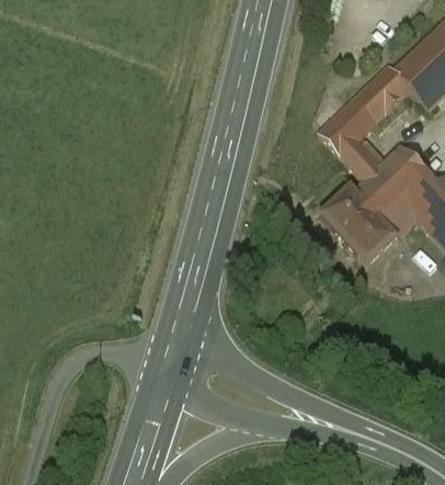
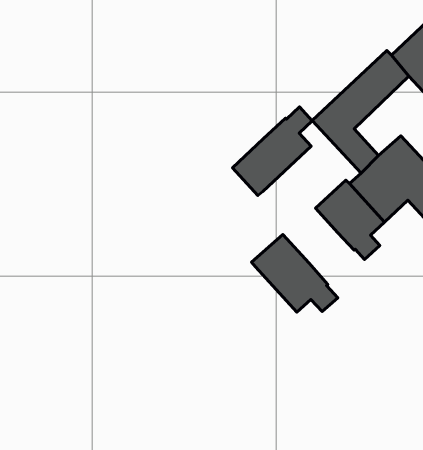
building: none -> [232,107,312,196]
building: none -> [252,234,338,312]

